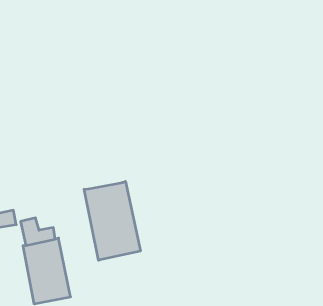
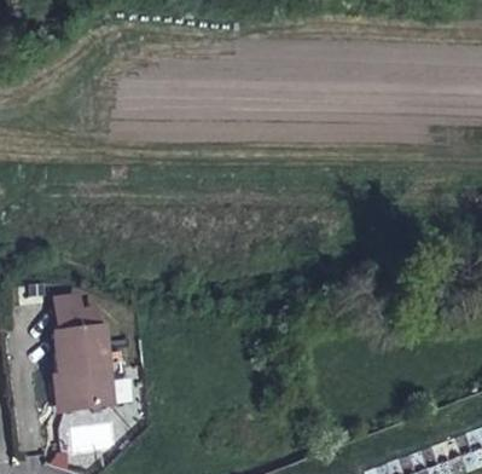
building: [84,181,140,260] -> none

